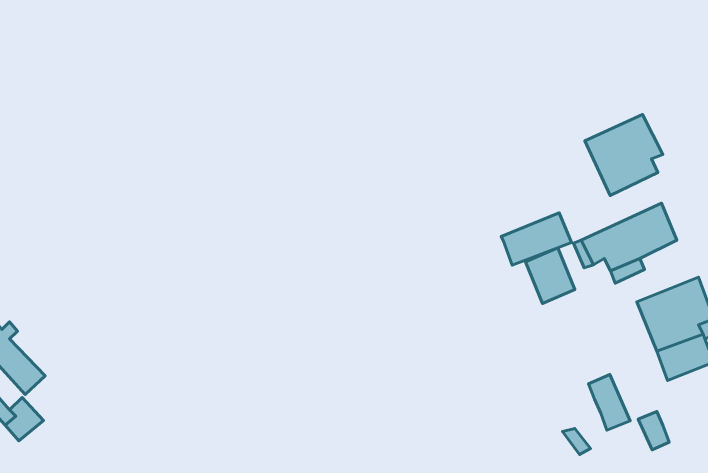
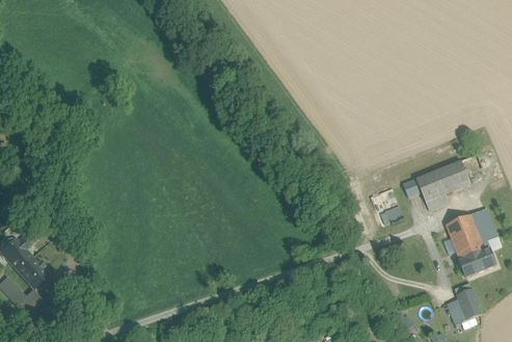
building: [585,114,663,196] -> none
building: [501,213,571,265] -> none
building: [588,374,630,430] -> [454,282,482,319]

